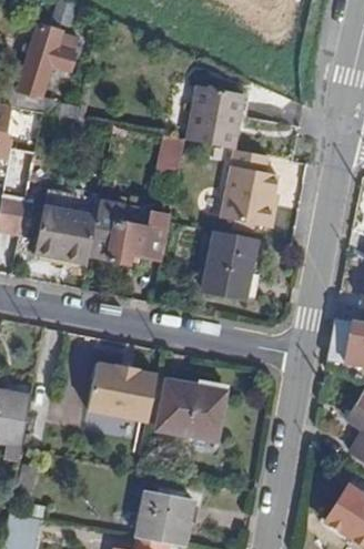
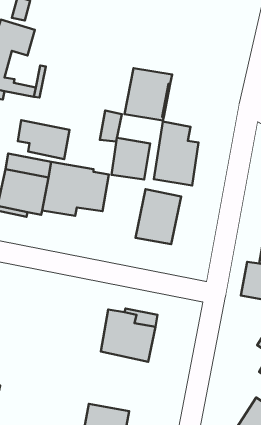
building: none -> [18,120,70,159]
building: none -> [111,138,150,179]
building: [88,365,156,424] -> none

